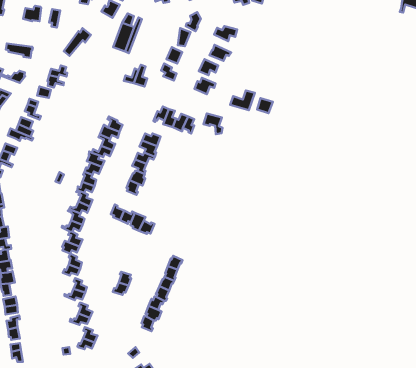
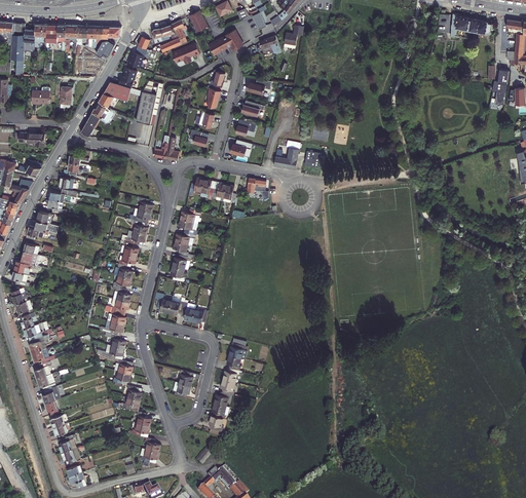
building: none -> [97,82,127,107]

